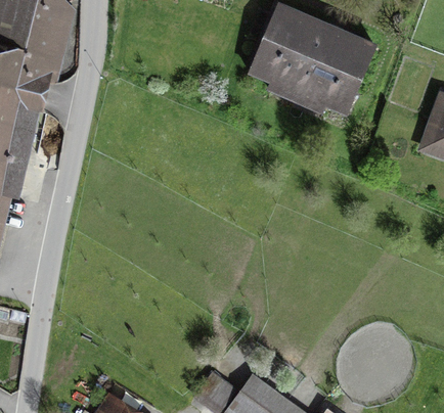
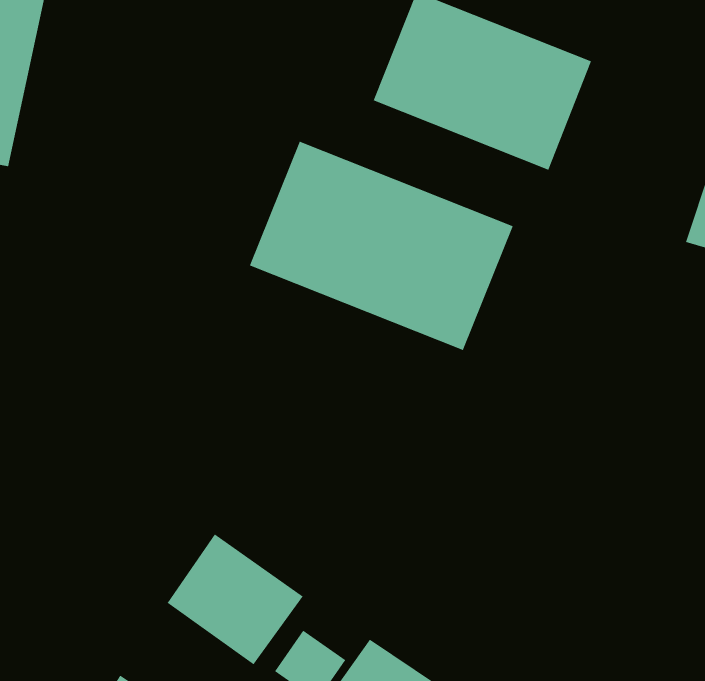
building: none -> [249,141,513,351]
building: none -> [167,533,304,665]

